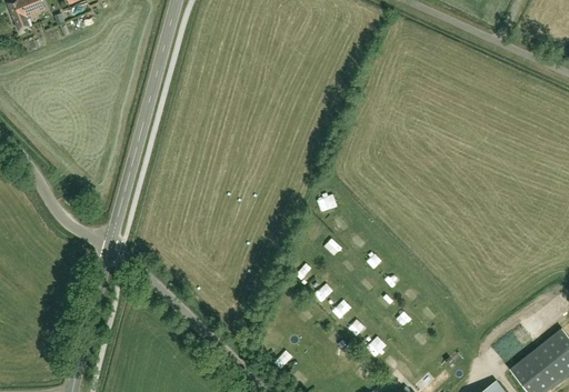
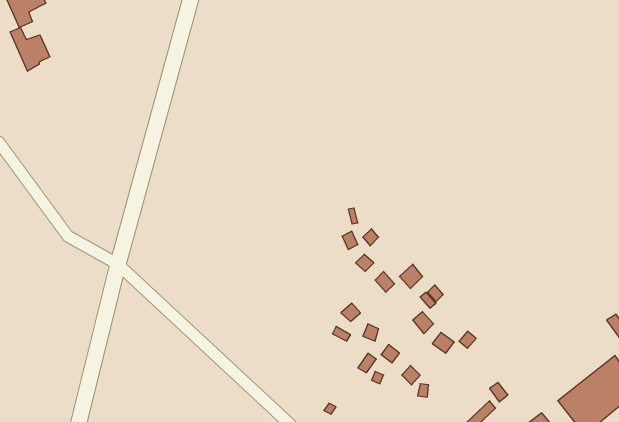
building: none -> [10,27,50,71]

